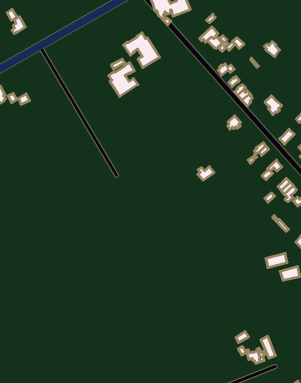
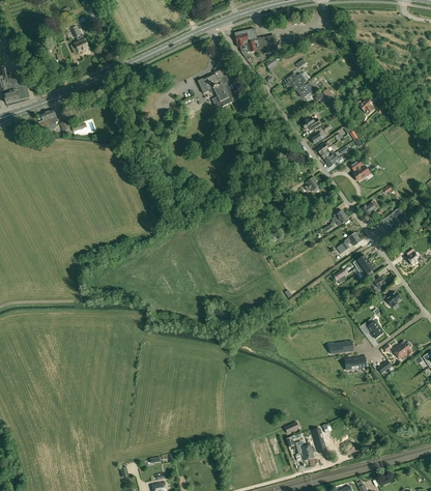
building: [109,63,138,97] -> none

